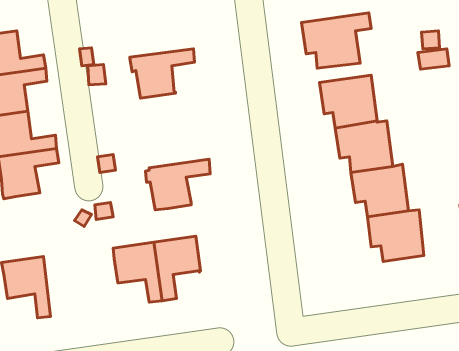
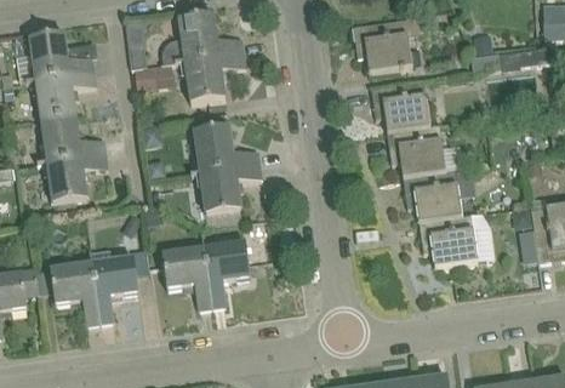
building: none -> [161,13,244,63]
building: none -> [193,125,259,171]
building: none -> [91,247,149,321]

